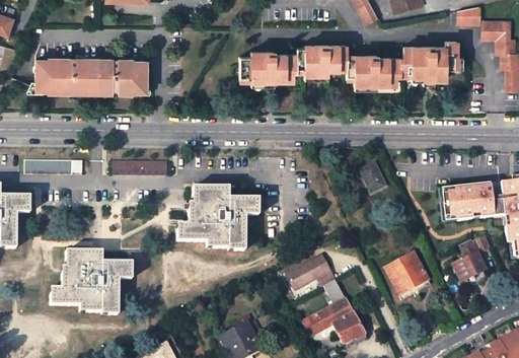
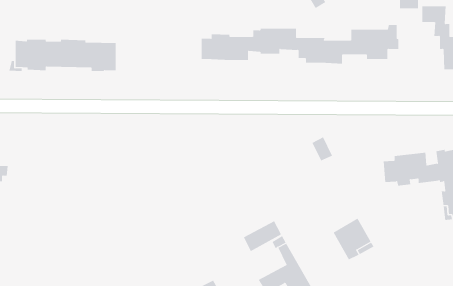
building: [25,159,82,174] -> none
building: [113,160,170,175] -> none
building: [176,187,258,250] -> none
building: [452,235,491,281] -> none
building: [51,250,132,314] -> none

